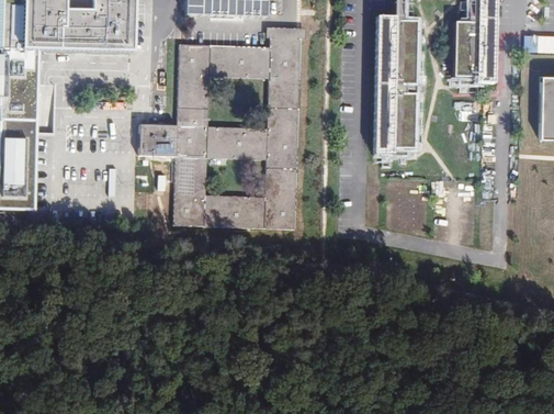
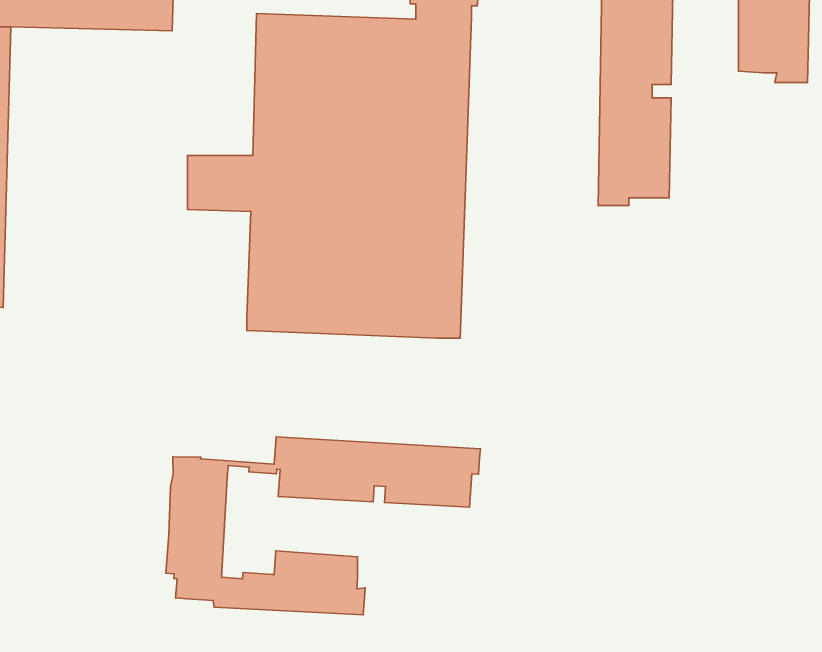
building: none -> [166,437,480,615]

